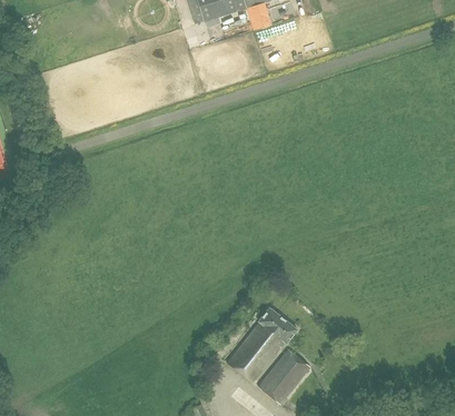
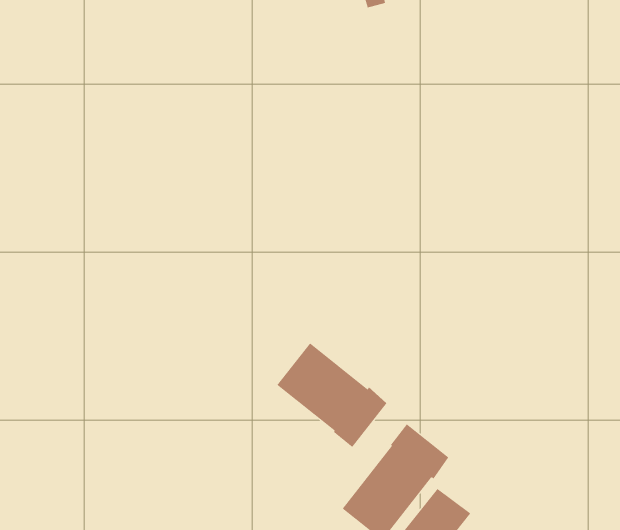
building: none -> [277,343,387,448]

